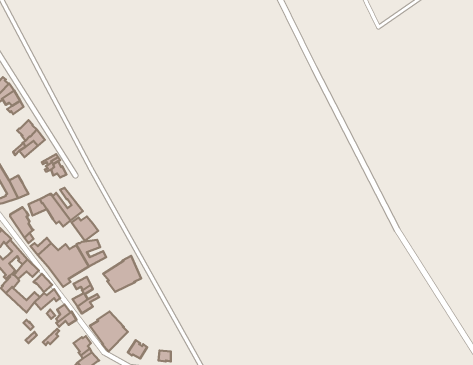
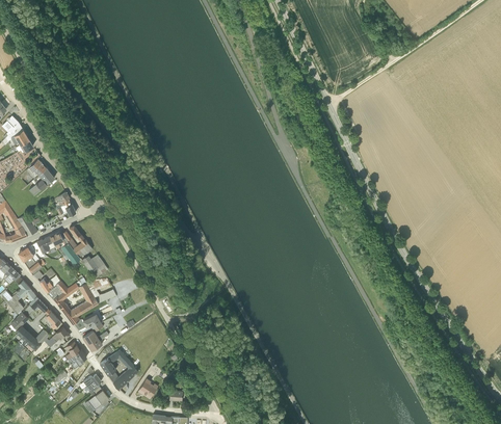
building: [103,256,141,292] -> none

